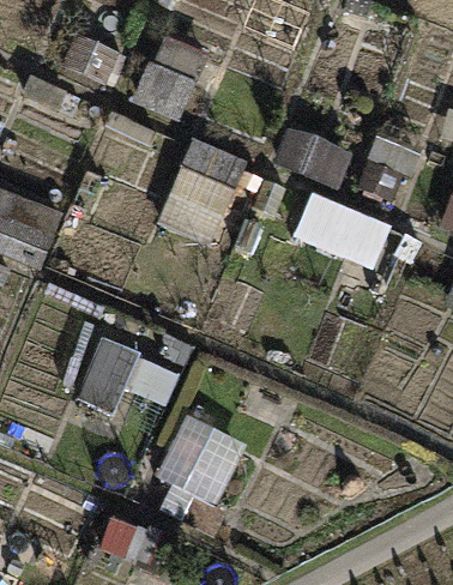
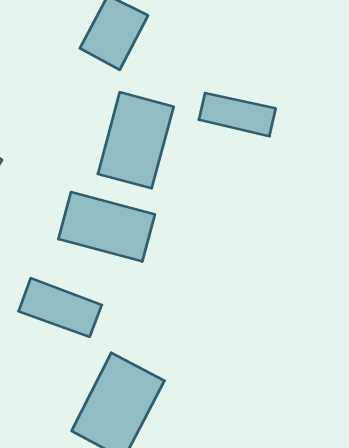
building: [289,191,392,278] -> none
building: none -> [58,192,155,262]

